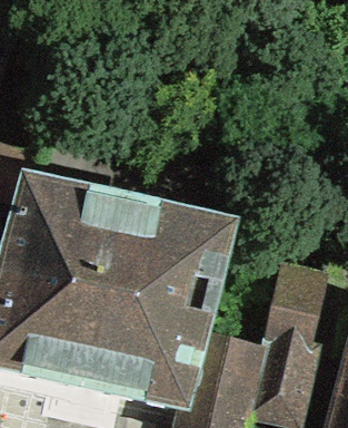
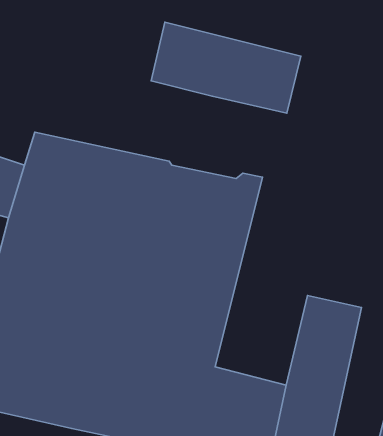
building: none -> [151,22,301,113]

